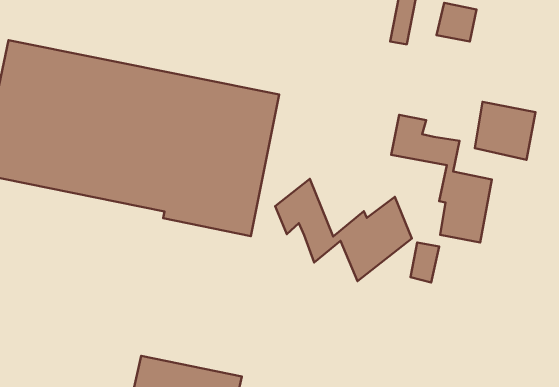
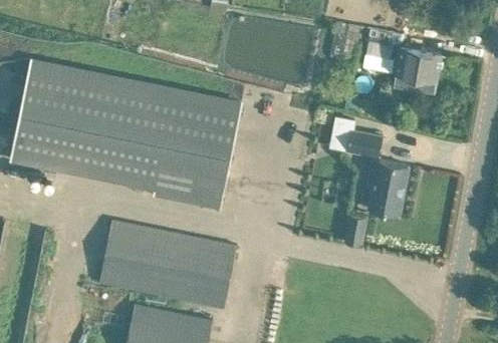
building: [475,102,535,160] -> [394,45,441,90]
building: [275,179,412,281] -> none
building: none -> [98,220,236,309]

